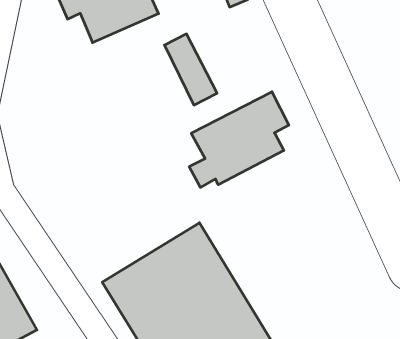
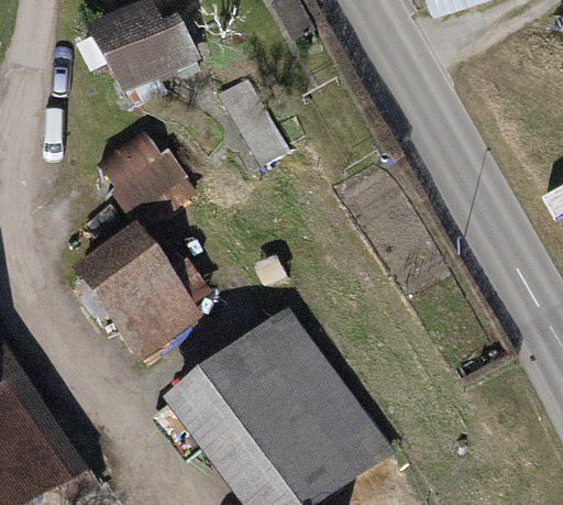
building: none -> [63,135,202,358]
building: [189,92,289,187] -> none

